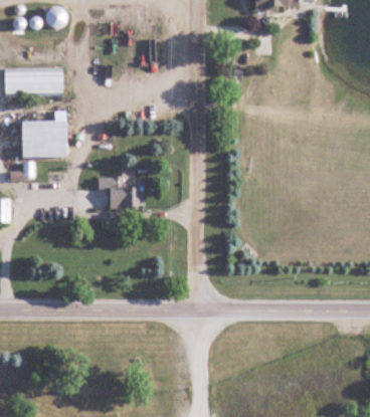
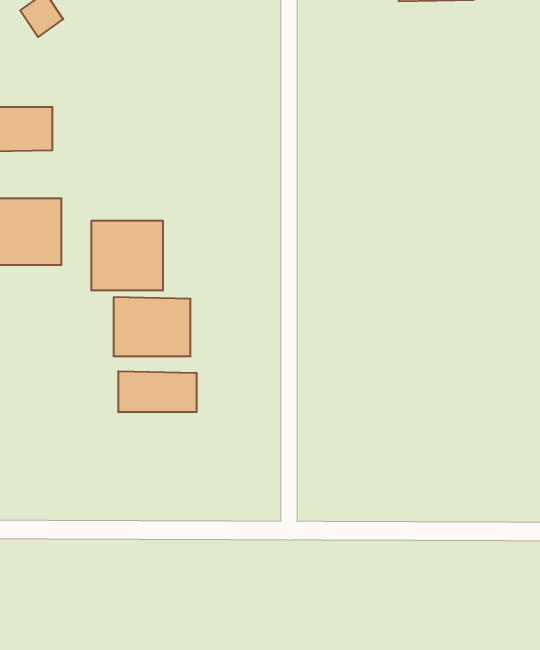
building: none -> [92,221,163,291]
building: none -> [118,371,196,412]

